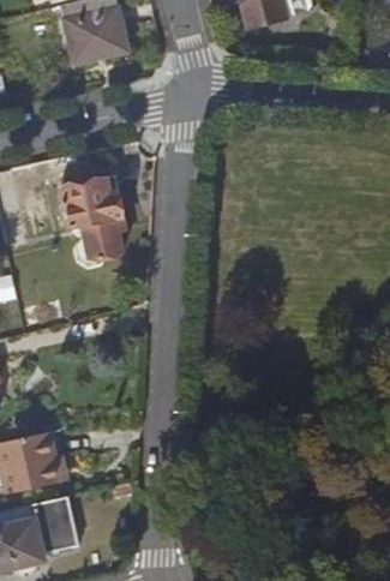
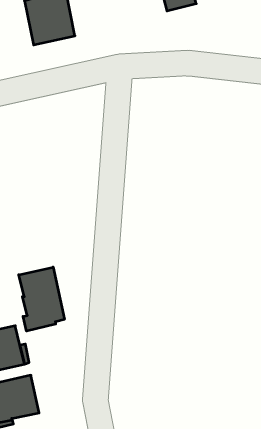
building: [62,175,126,269] -> none
building: none -> [19,267,64,331]

